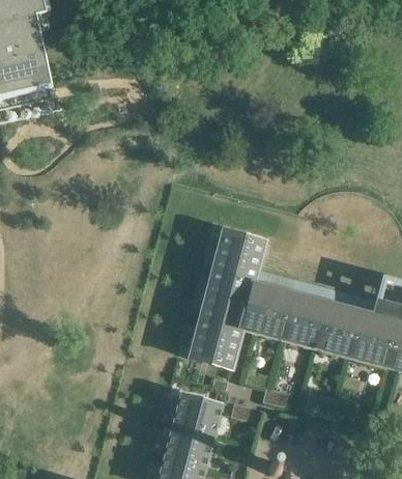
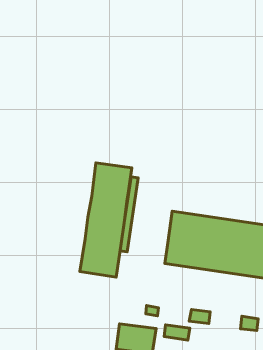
building: [191,233,265,369] -> [80,163,132,277]

